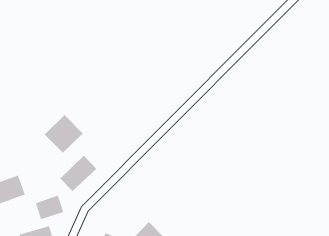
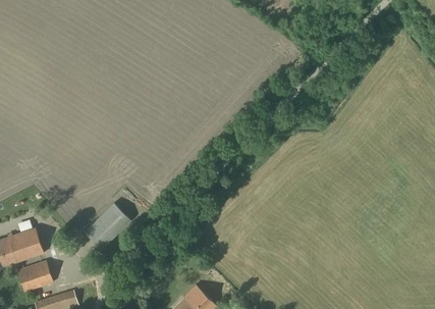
building: [44,114,84,154] -> none
building: [35,195,64,220] -> [16,260,53,292]

